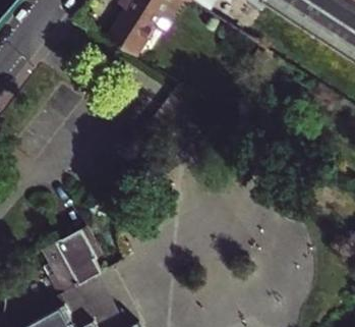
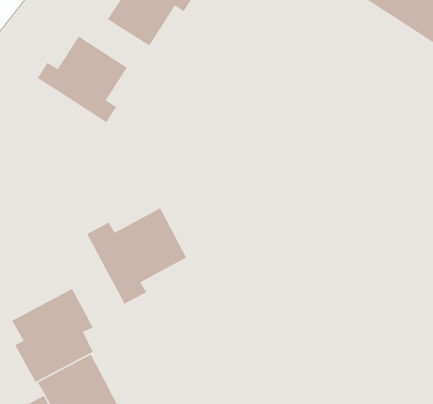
building: none -> [37,36,128,123]
building: none -> [86,207,187,305]

